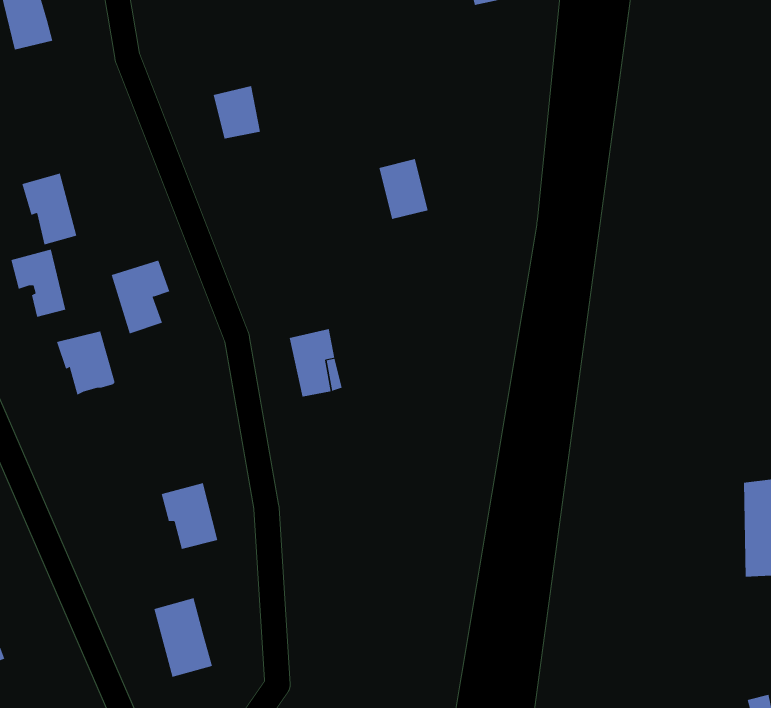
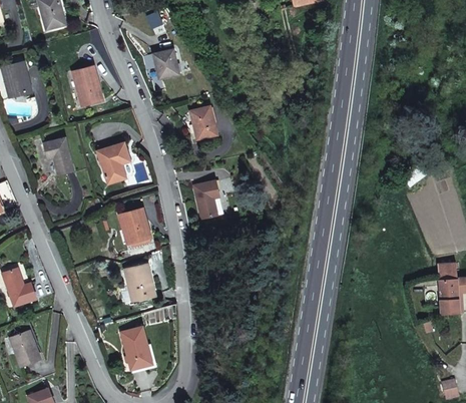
building: [379,158,429,220] -> [189,106,216,139]
building: [22,173,77,245] -> [72,66,102,105]
building: [56,331,116,396] -> [118,209,150,244]

